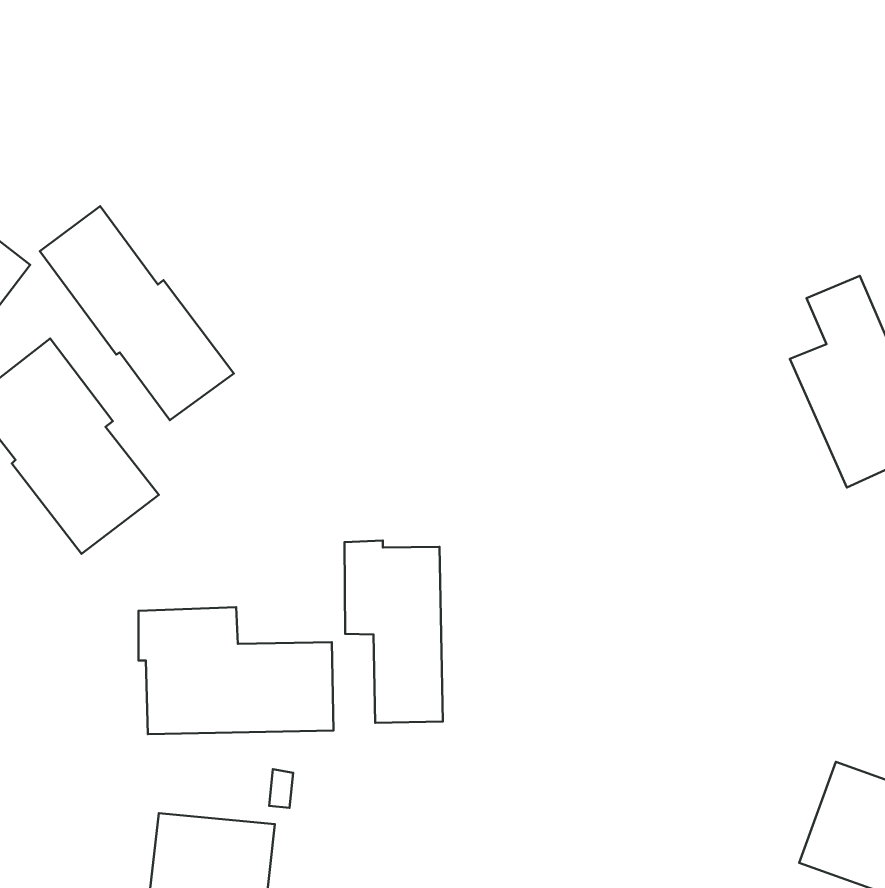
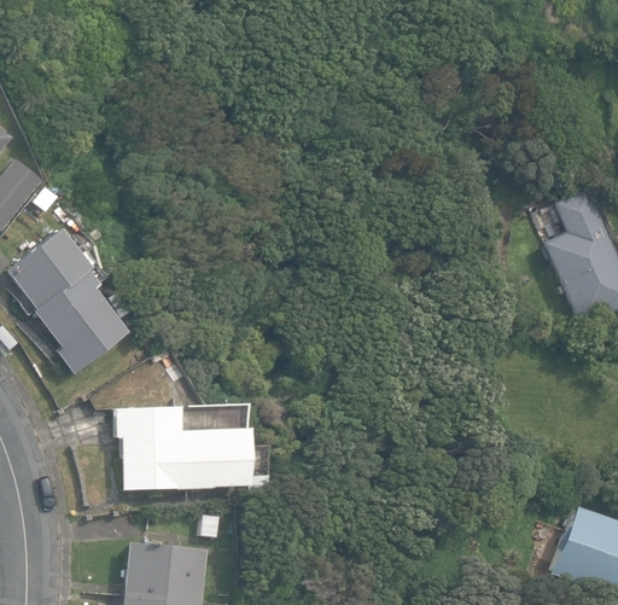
building: [40,206,234,420] -> none
building: [345,541,443,723] -> none

